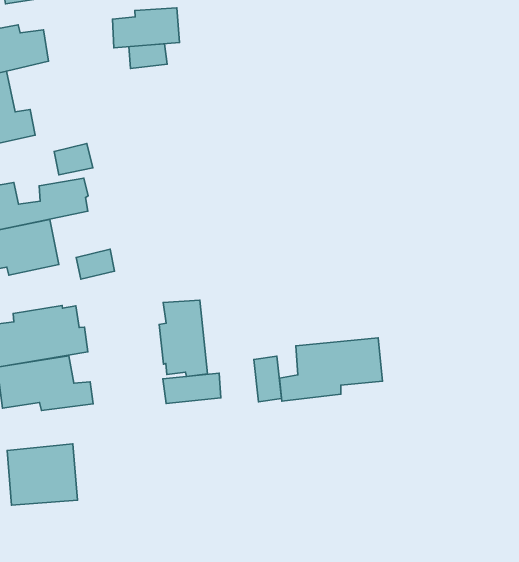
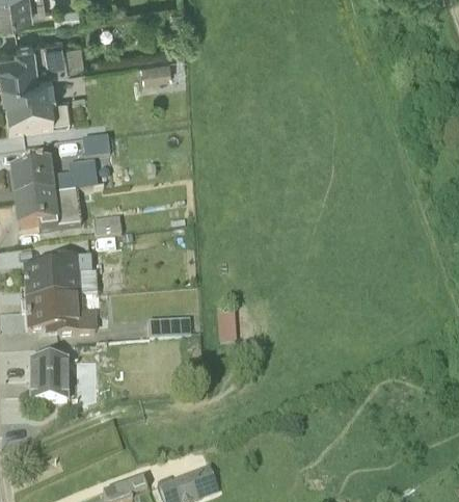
building: [112,8,180,48] -> none
building: [159,300,208,377] -> none
building: [279,338,383,401] -> none

